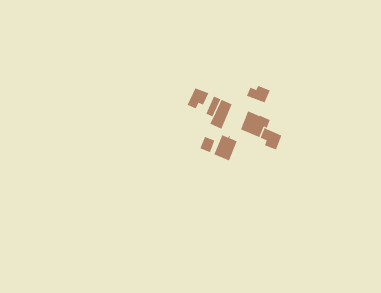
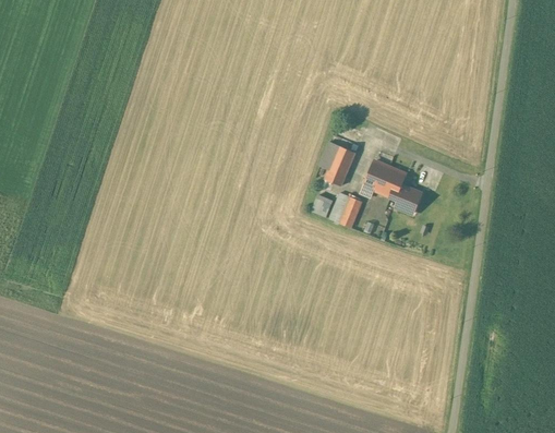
building: [246,85,270,103] -> none
building: [187,87,209,109] -> none

